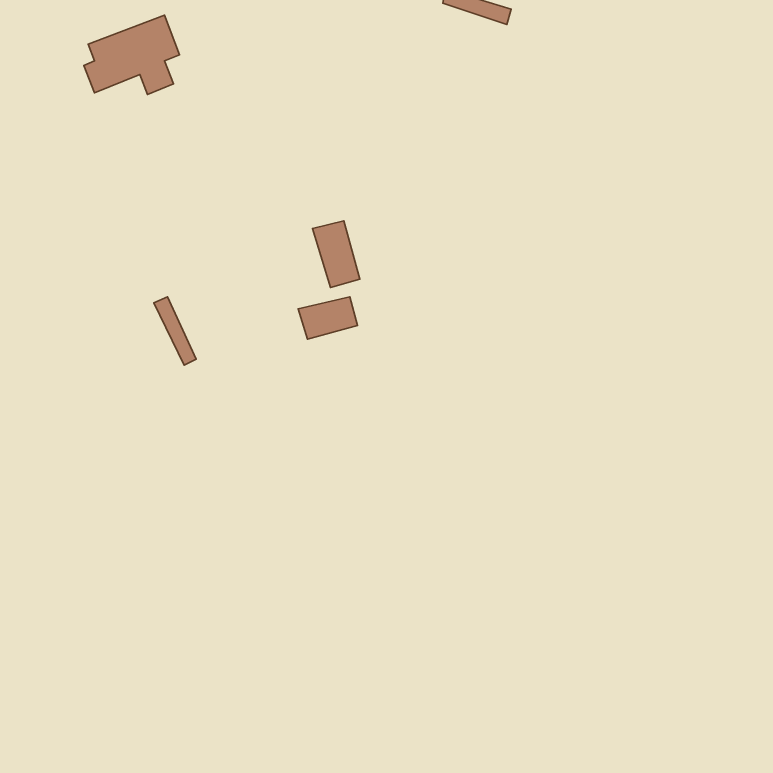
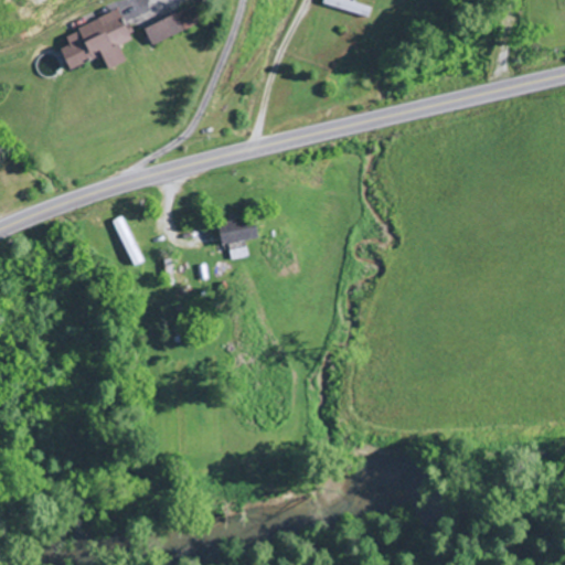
building: none -> [145,6,202,43]
building: [312,221,360,288] -> none

